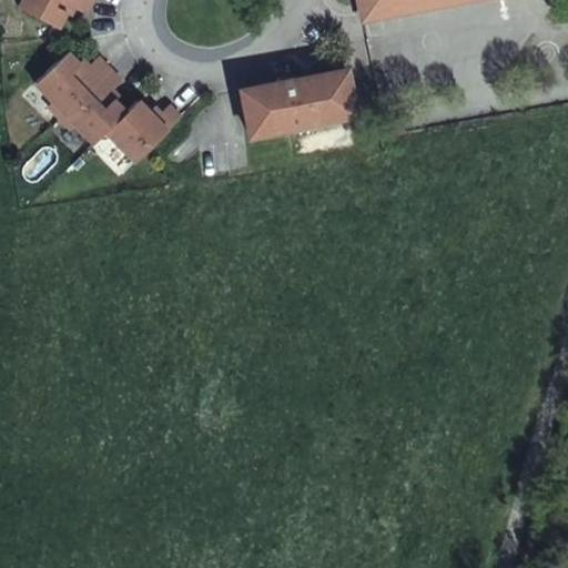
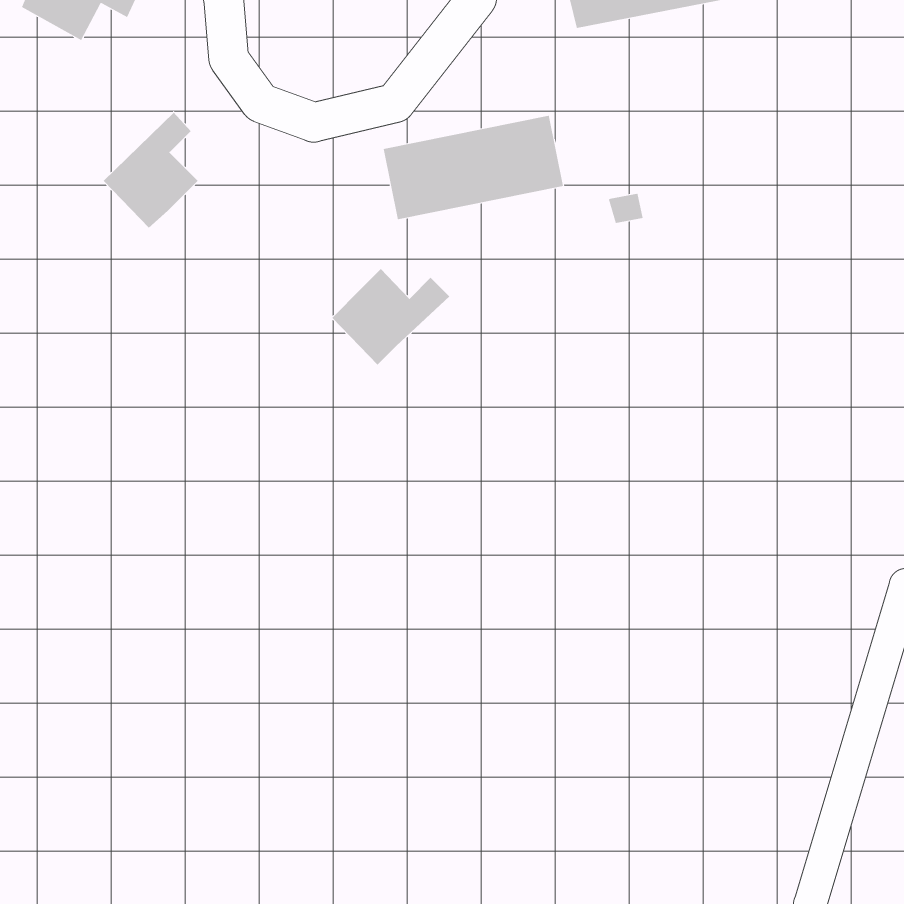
building: [36,53,110,113] -> none
building: [106,101,181,162] -> [331,268,450,366]

